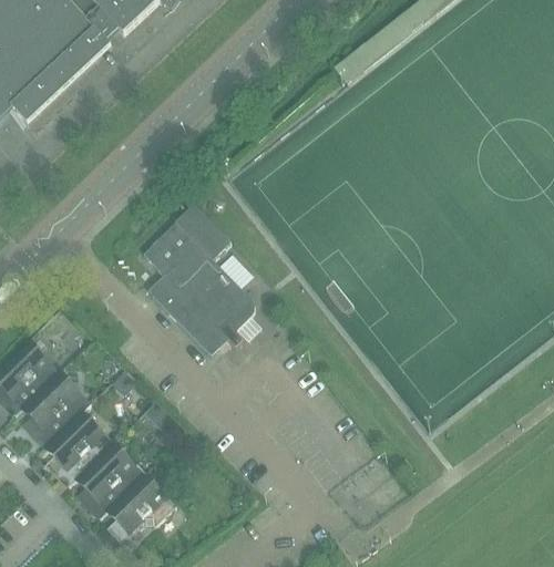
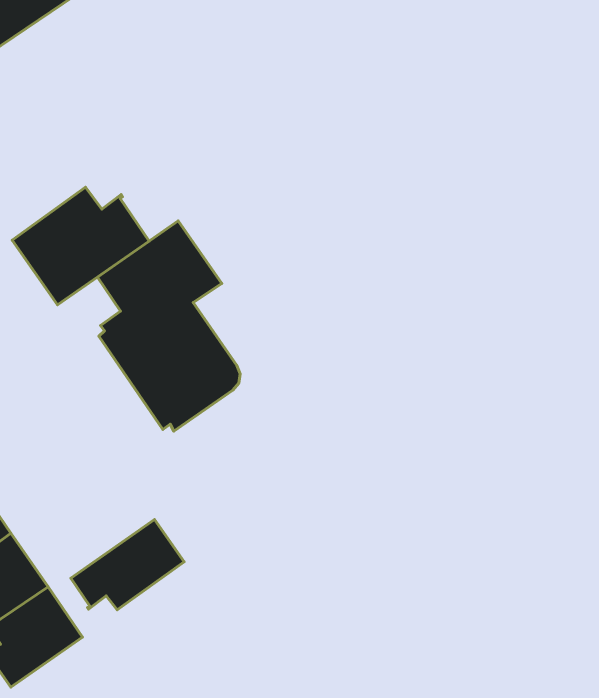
building: none -> [12,187,149,305]
building: none -> [71,520,184,610]

